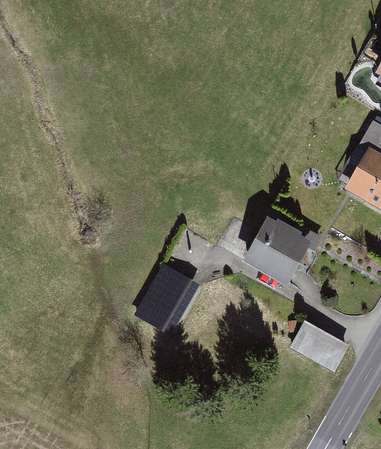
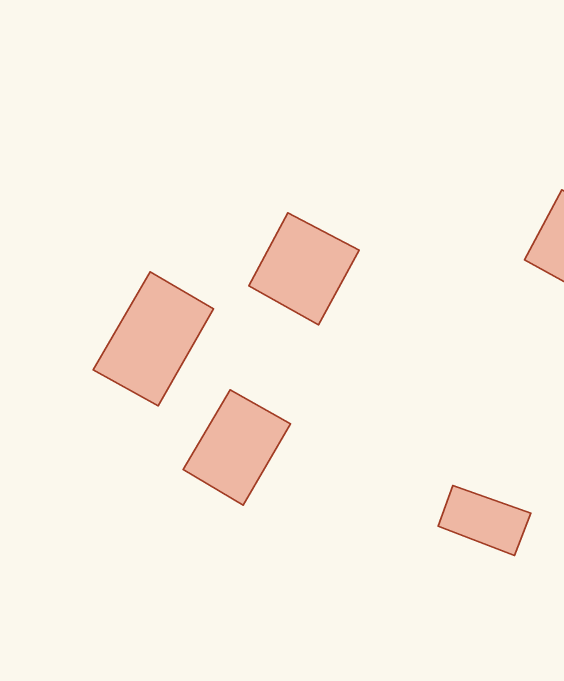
building: none -> [93,272,213,406]
building: [242,212,310,281] -> [249,213,359,325]

